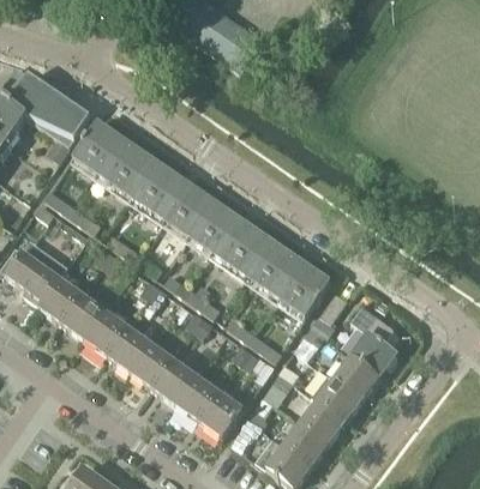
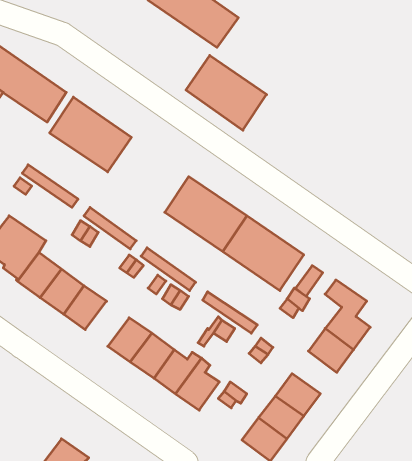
building: [130,161,211,236] -> [186,55,267,130]
building: [107,326,151,372] -> none
building: [316,376,361,419] -> none

